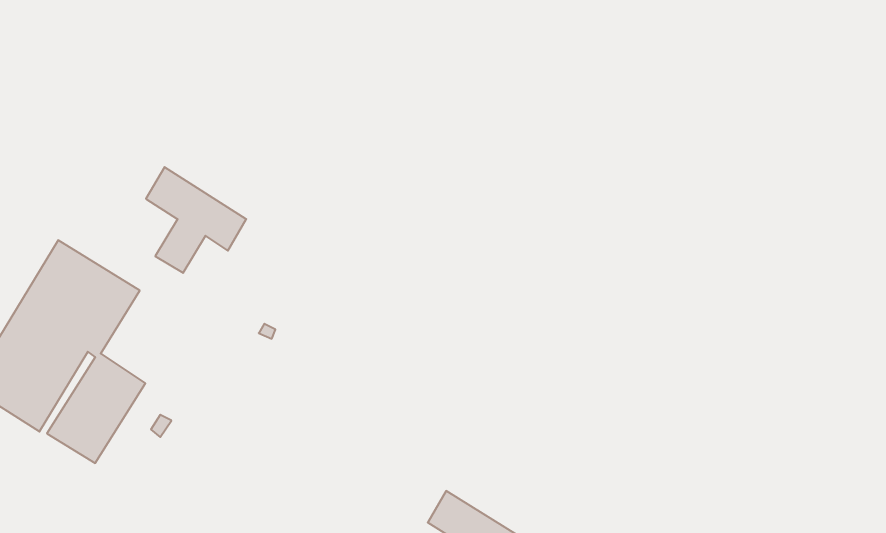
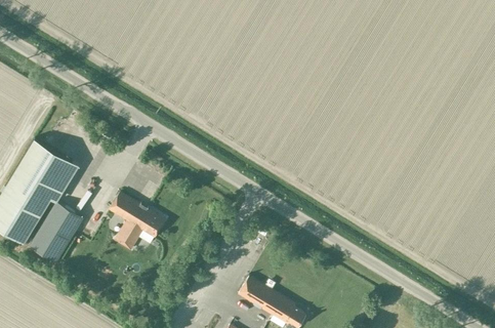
building: [146,167,246,273] -> [110,192,165,250]

